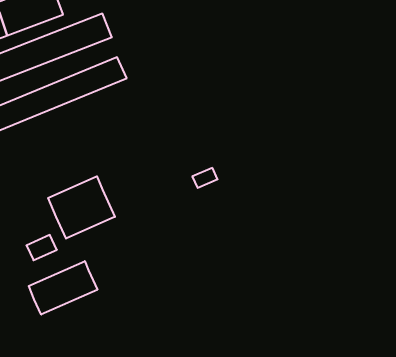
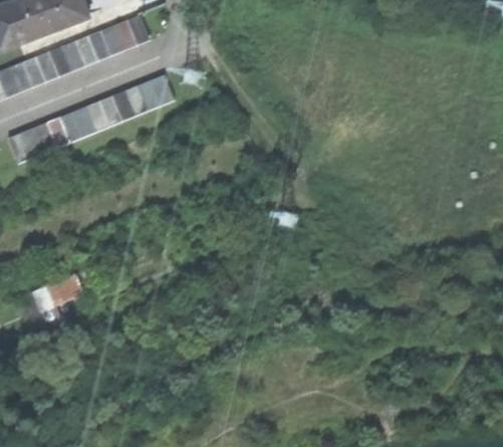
building: [48,176,115,239] -> none
building: [29,261,97,315] -> none

